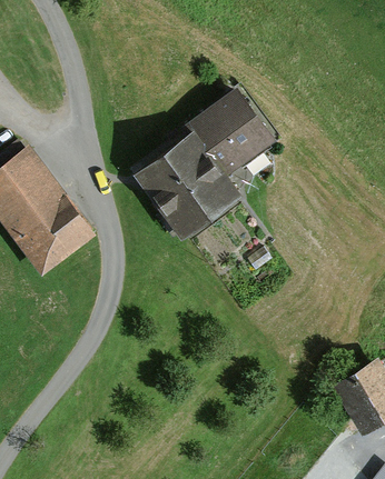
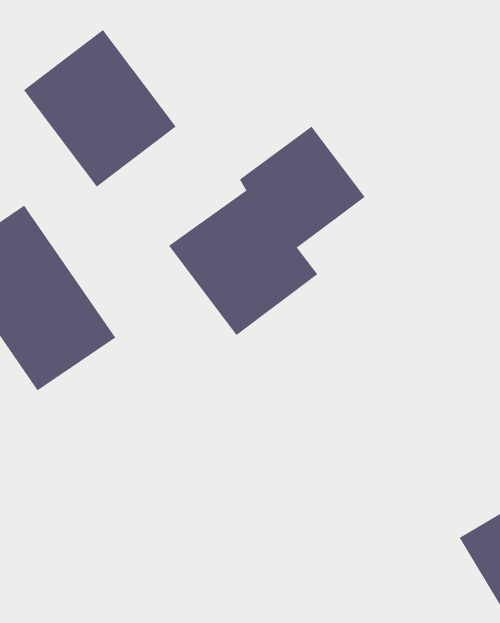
building: none -> [23,29,177,188]

